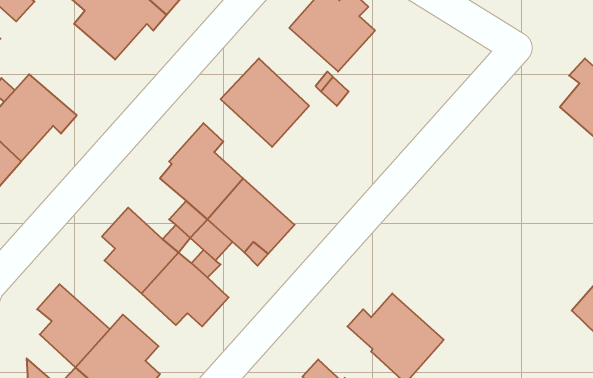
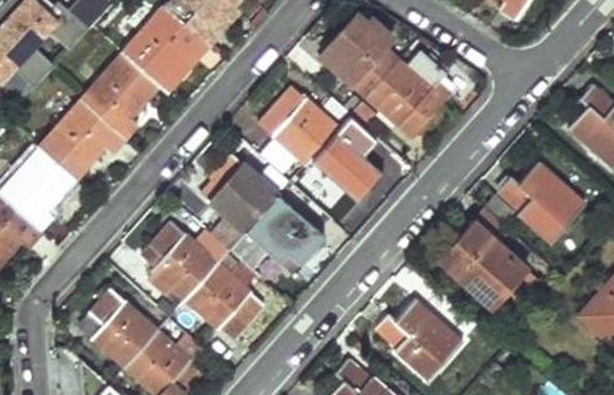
building: none -> [365,51,452,138]
building: none -> [82,53,161,136]
building: none -> [305,128,384,194]
building: none -> [498,163,584,243]
building: none -> [438,216,532,309]

